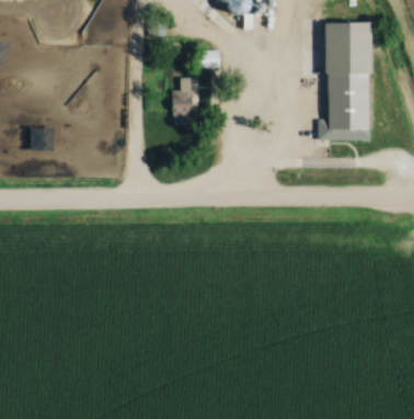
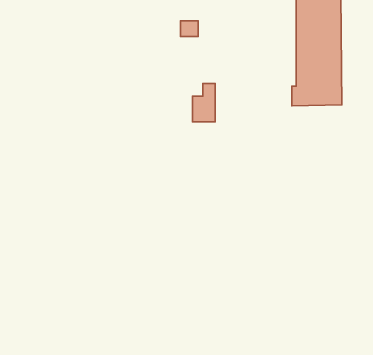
building: [171,77,195,117] -> [192,84,215,122]

